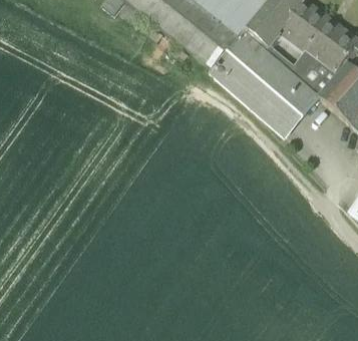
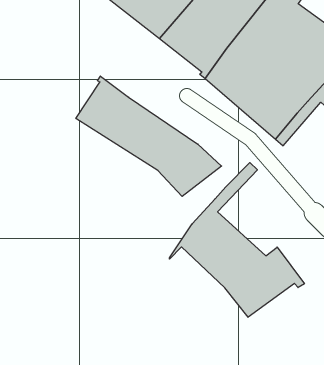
building: none -> [76,76,222,196]
building: none -> [169,163,304,317]

